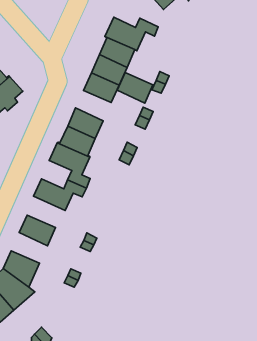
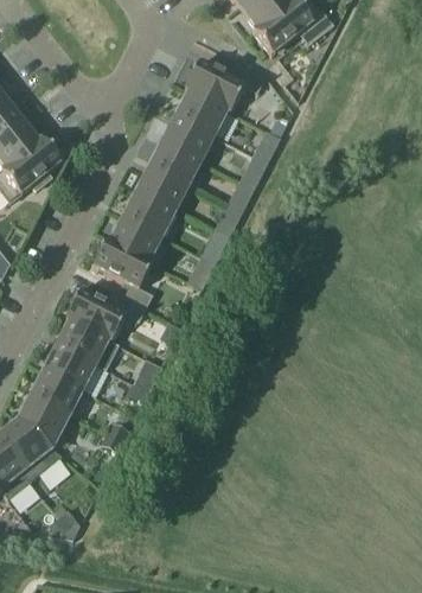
building: [117,73,153,103] -> [136,162,188,209]
building: none -> [57,313,120,366]
building: none -> [31,365,84,412]

